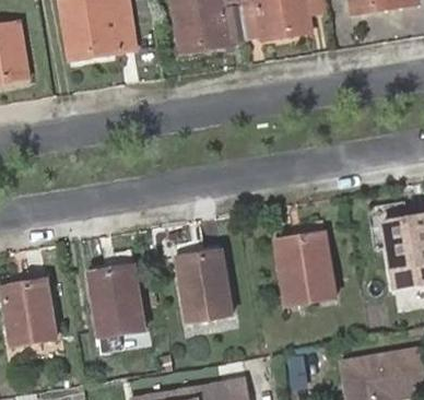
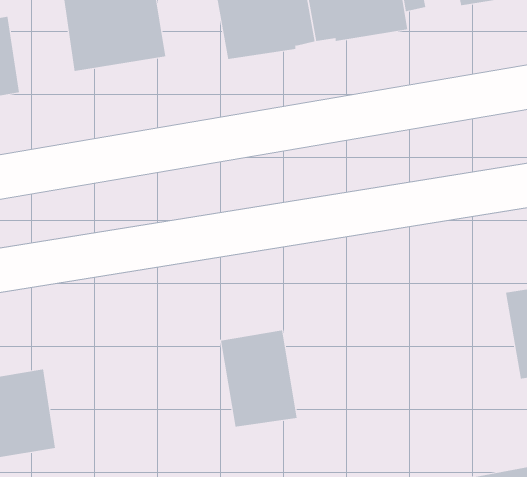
building: [274,234,334,307] -> none
building: [90,266,144,338] -> none

